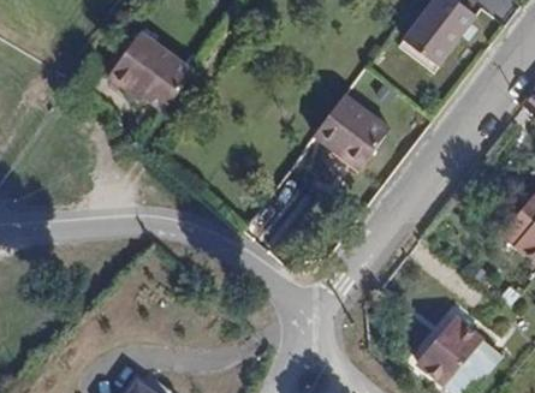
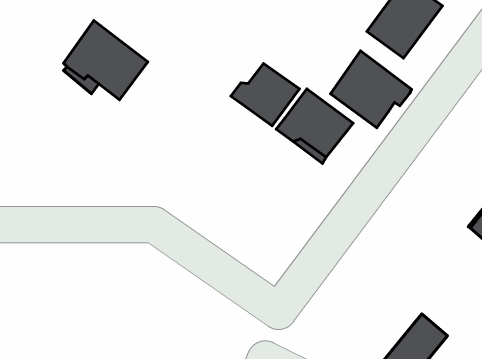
building: none -> [331,51,411,128]
building: none -> [231,64,299,126]

